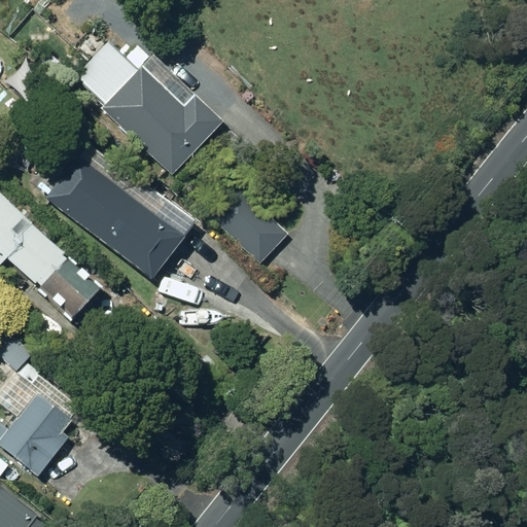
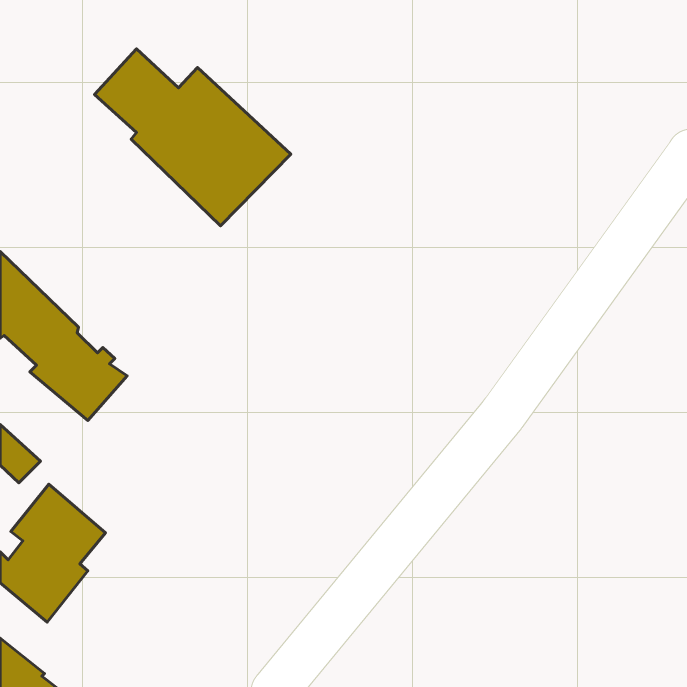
building: [45,155,184,279] -> none
building: [210,188,289,265] -> none

